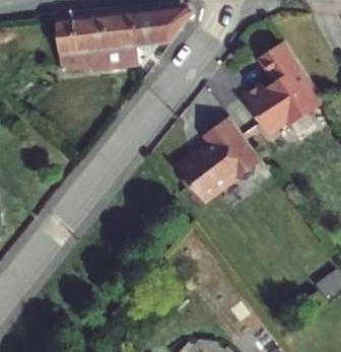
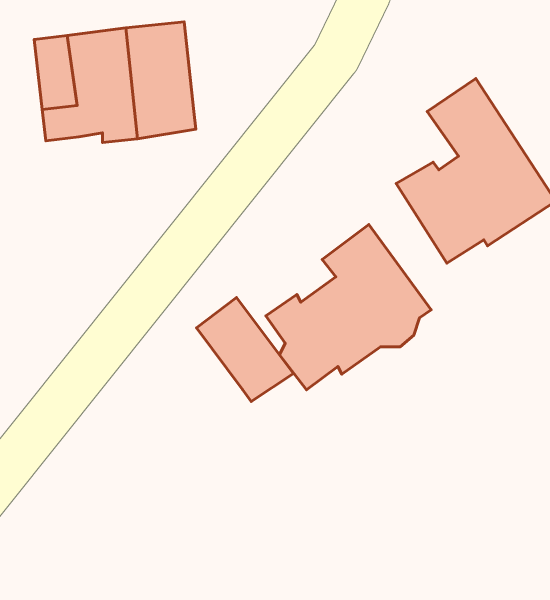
building: [131,7,193,60] -> none
building: none -> [197,298,294,402]

